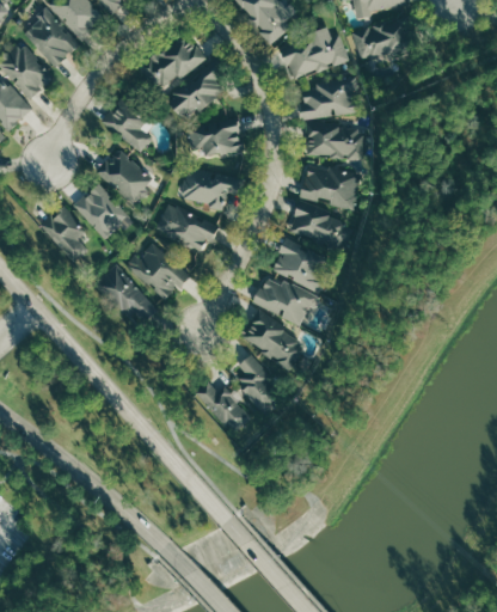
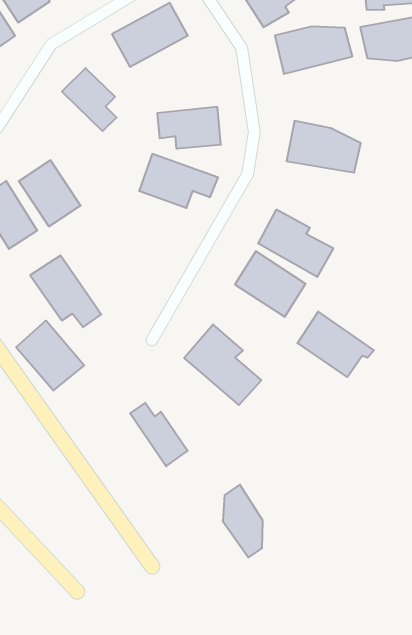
building: [165,60,226,122] -> none
building: [299,78,360,121] -> none
building: [96,148,154,204] -> none
building: [299,164,360,209] -> none
building: [155,204,219,253] -> none
building: [128,241,189,301] -> [16,321,84,391]
building: [251,273,318,326] -> [297,311,374,377]
building: [238,355,276,417] -> [223,485,263,557]

